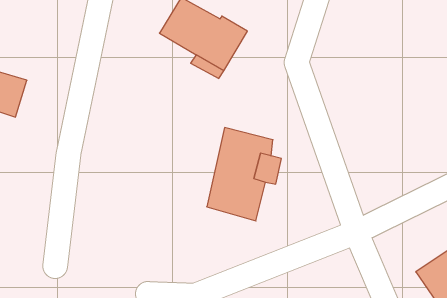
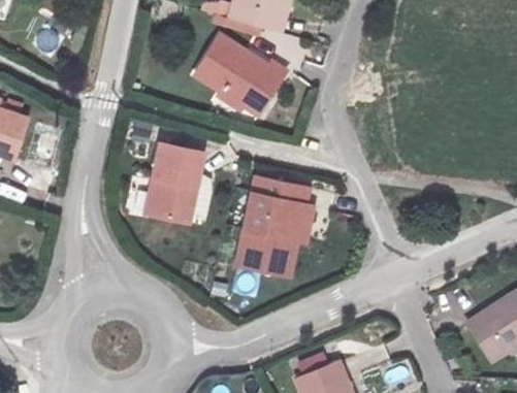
building: none -> [151,141,205,221]

